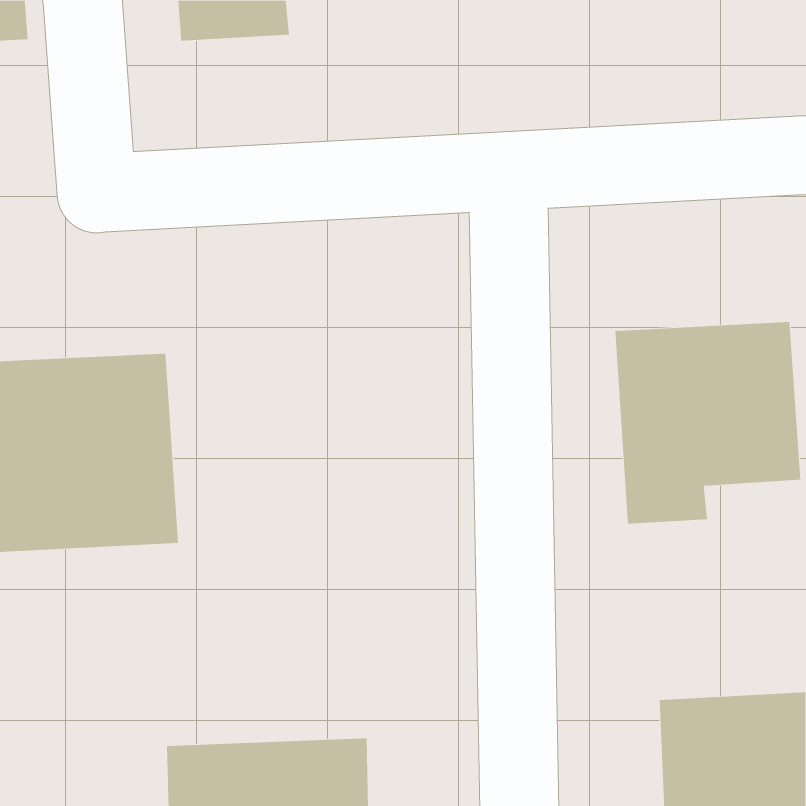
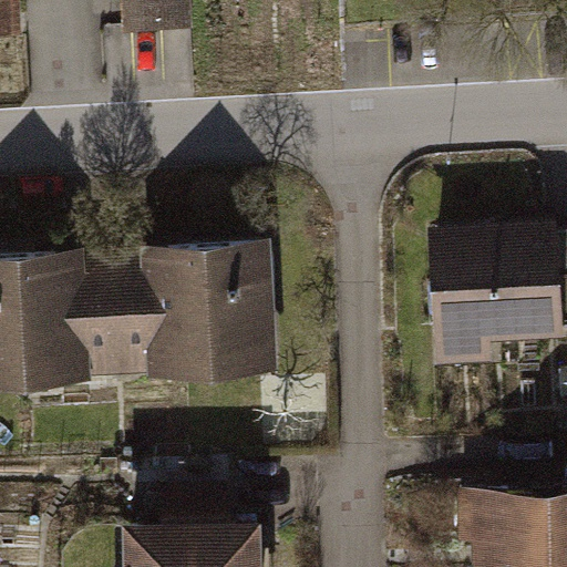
building: none -> [117,241,286,382]

